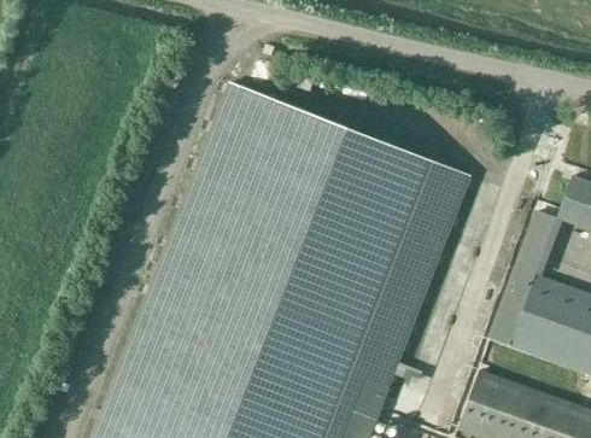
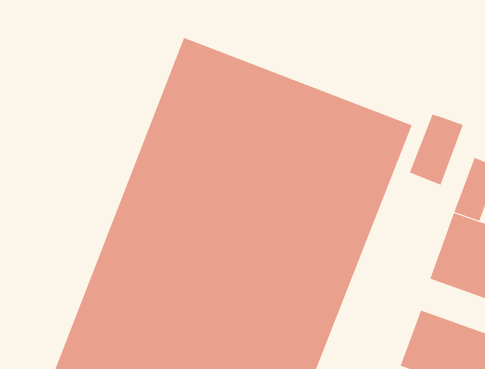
building: none -> [409,114,464,185]

